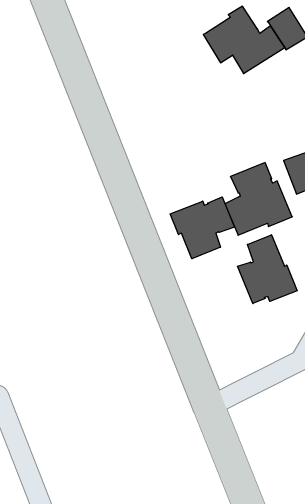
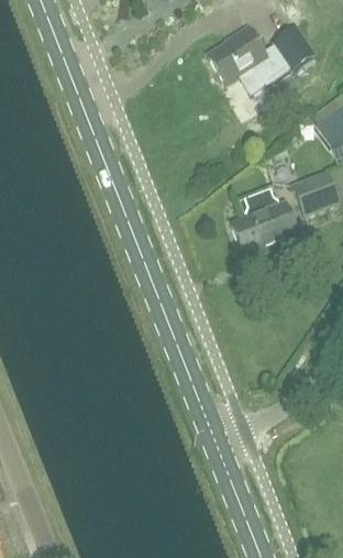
building: [170,197,235,259] -> none
building: [237,235,297,304] -> none

